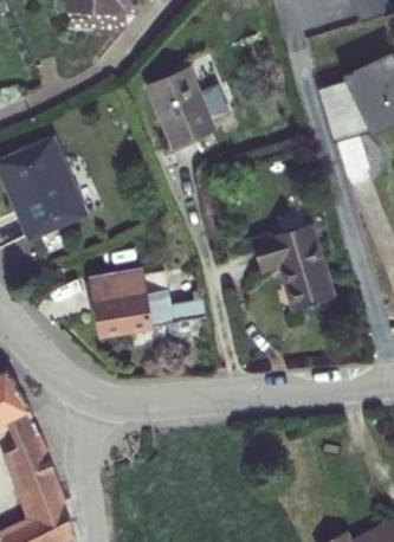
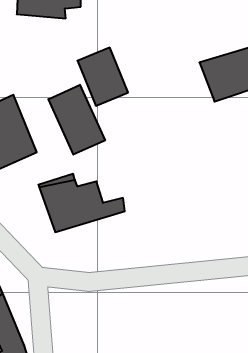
building: none -> [48,85,105,155]
building: [254,218,332,298] -> none

